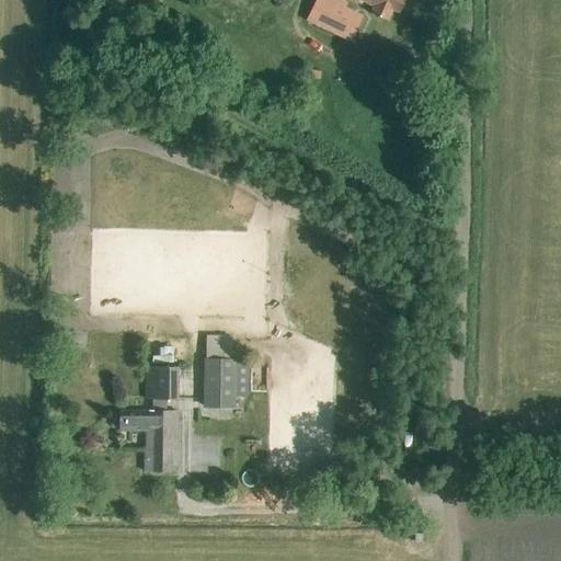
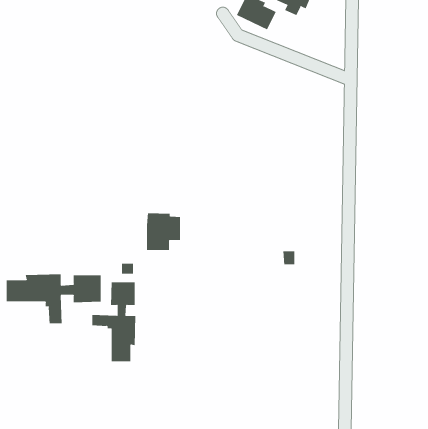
building: none -> [6,274,101,324]
building: [204,360,249,410] -> [146,213,181,251]

